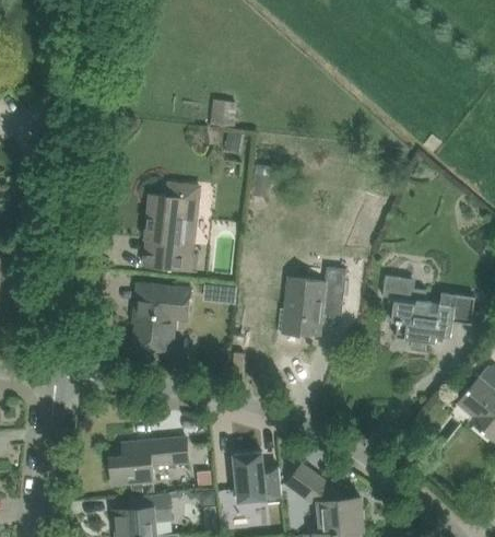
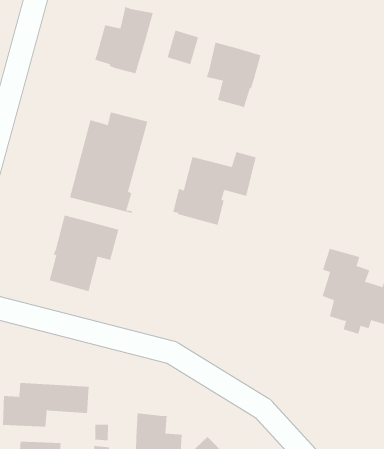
building: none -> [94,6,153,74]
building: none -> [206,42,261,108]
building: [278,266,346,336] -> [172,152,256,225]

